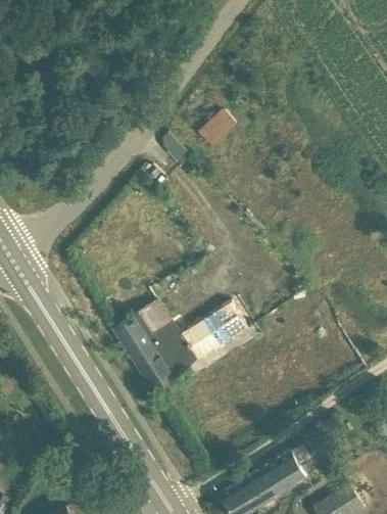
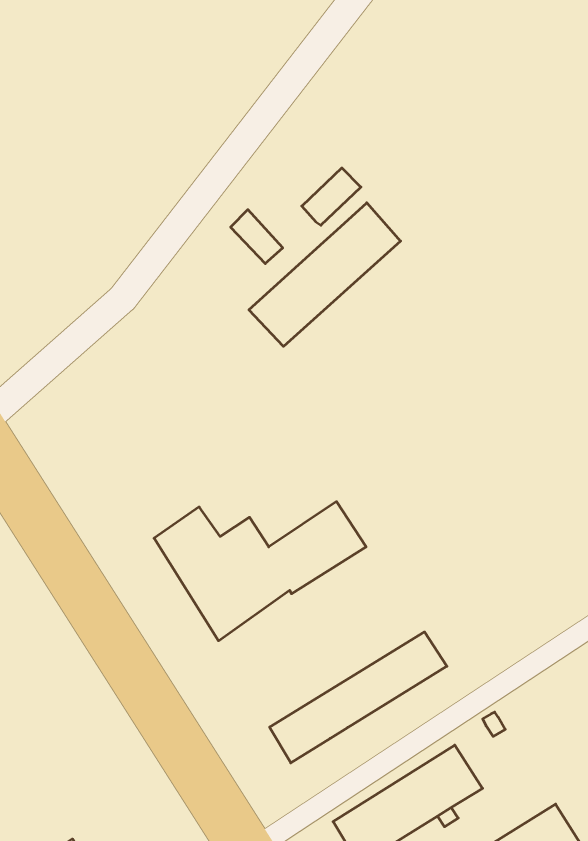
building: none -> [249,203,401,346]
building: none -> [270,632,447,763]

